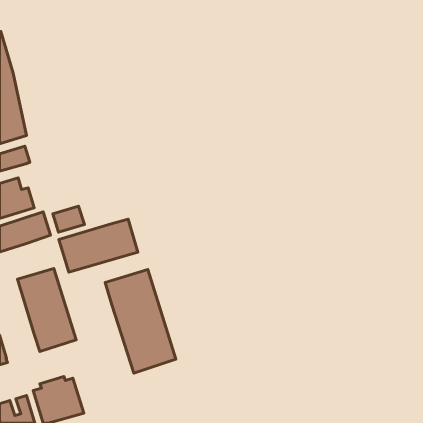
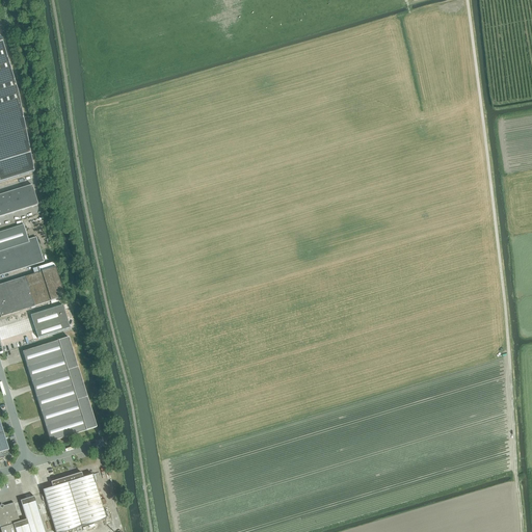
building: [53,206,84,232] -> [29,303,69,336]
building: [59,219,138,272] -> none
building: [105,269,176,373] -> none

